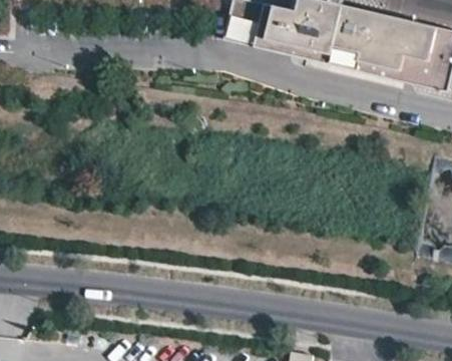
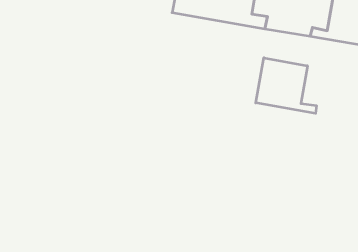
building: none -> [256,58,316,113]

